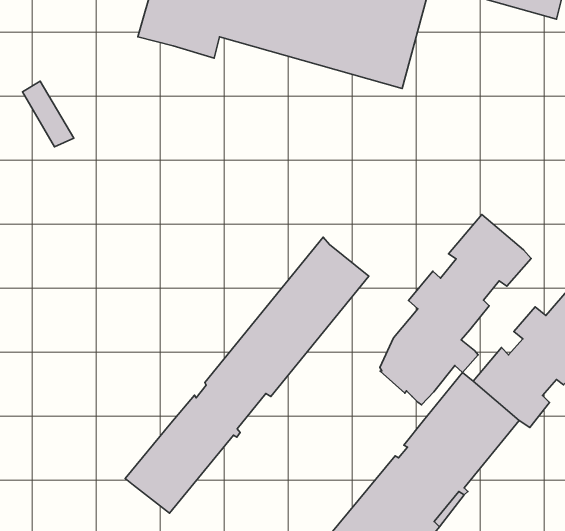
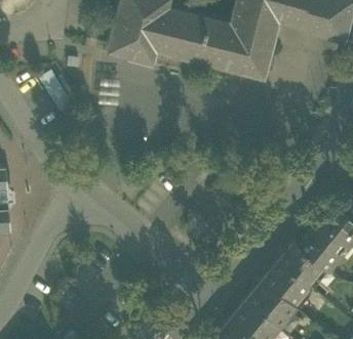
building: [380,215,531,405] -> none
building: [125,237,369,513] -> none

